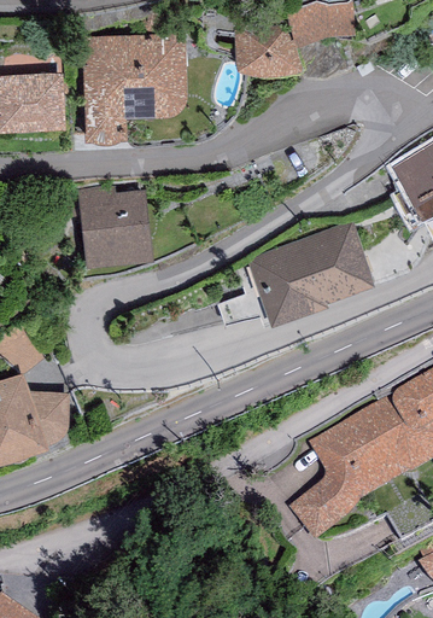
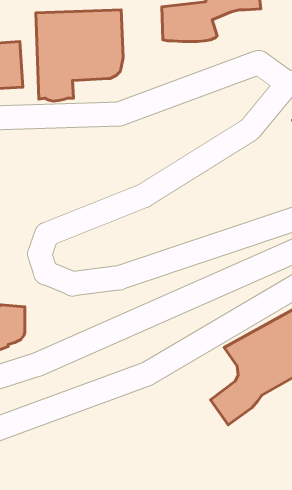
building: [77,186,152,267] -> none
building: [247,220,375,325] -> none

